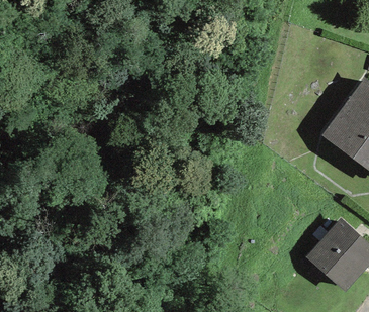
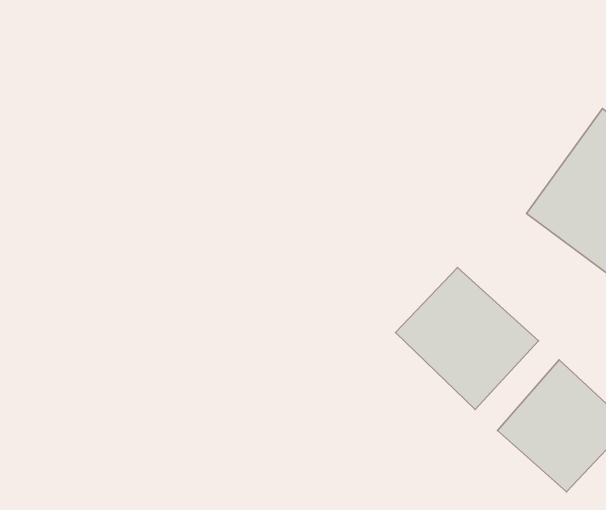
building: none -> [396,268,538,409]

